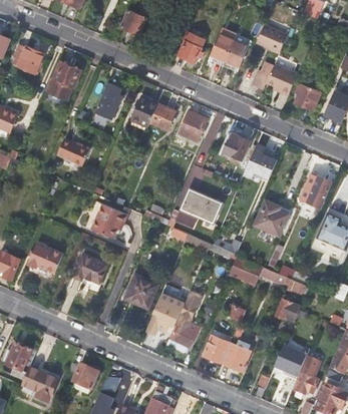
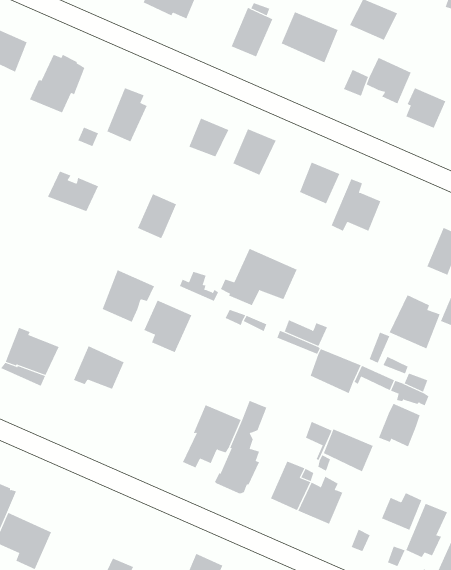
building: [131,96,157,126] -> [137,193,177,239]
building: [254,199,288,236] -> [389,295,440,349]
building: [126,274,158,309] -> [143,300,192,353]
building: none -> [323,428,374,472]
building: [64,362,100,389] -> none

